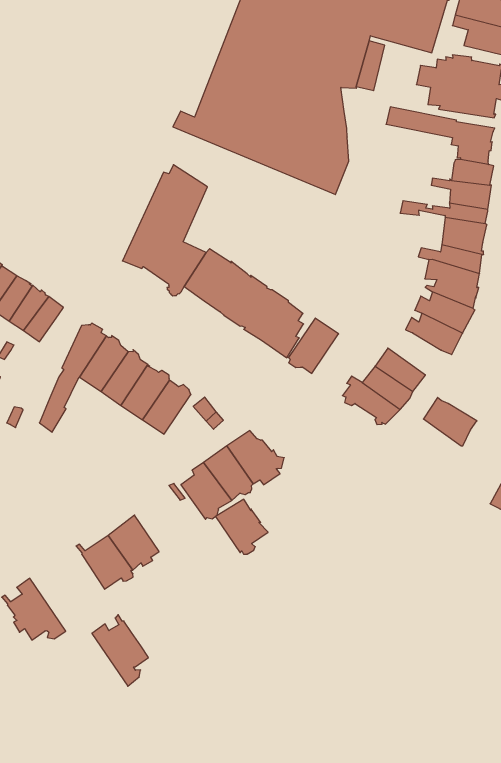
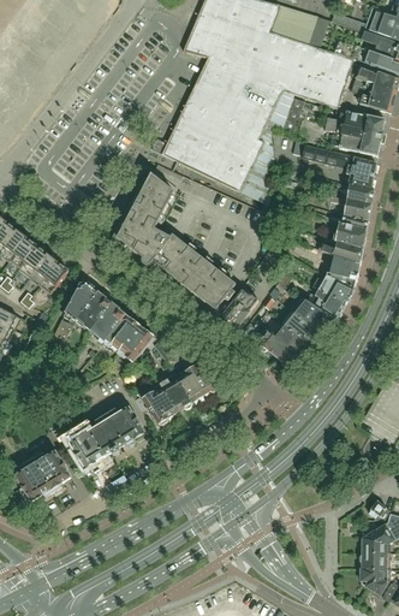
building: [423,397,477,446] -> [292,297,329,332]
building: [216,499,268,554] -> [108,407,144,445]
building: [92,615,148,686] -> [32,445,71,496]

